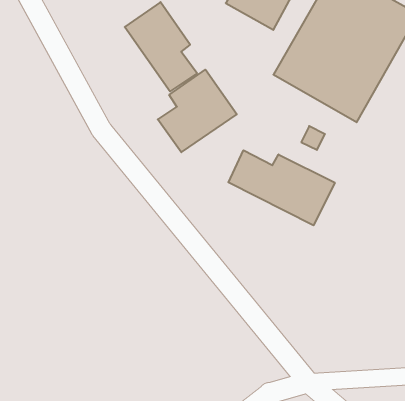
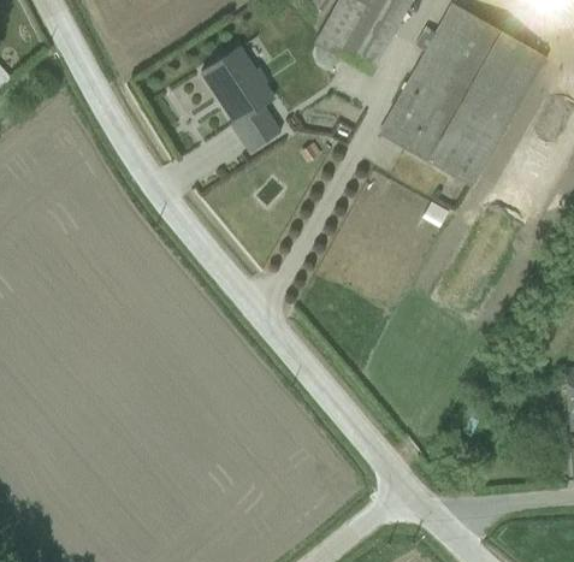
building: [158,70,237,152] -> none
building: [228,150,335,225] -> none

